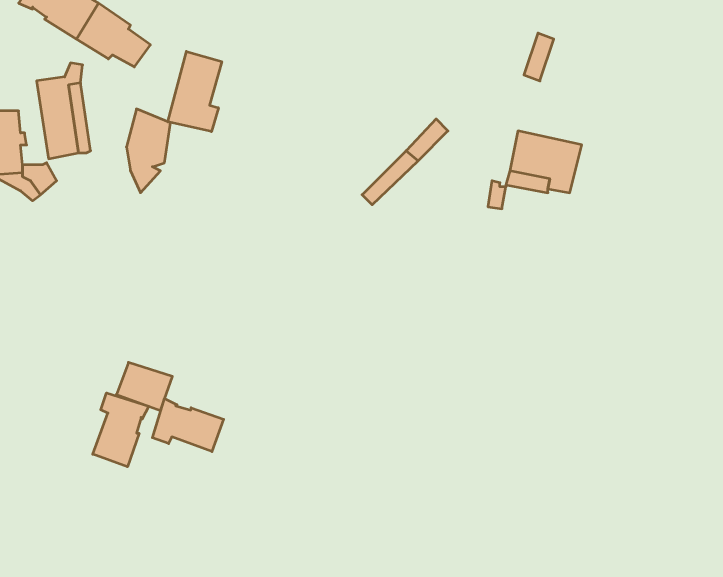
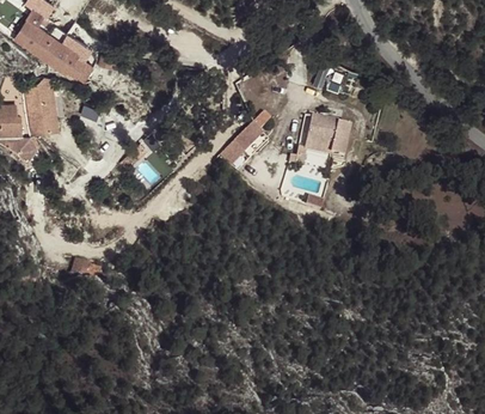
building: [168,51,222,132] -> none
building: [93,393,149,467] -> none
building: [152,398,224,452] -> none

